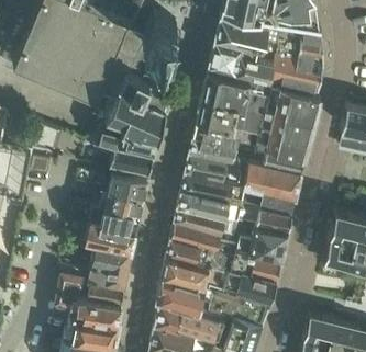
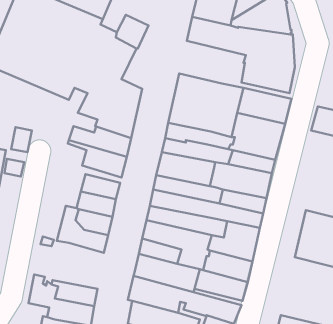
building: [207,45,273,87] -> none
building: [55,248,130,294] -> none

